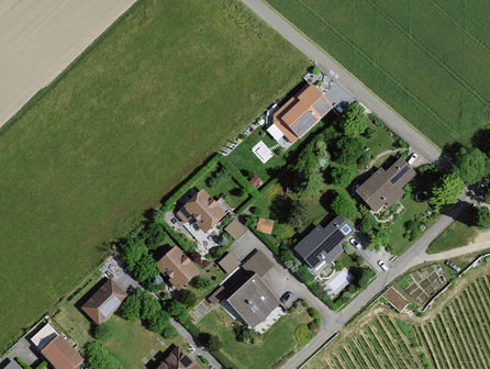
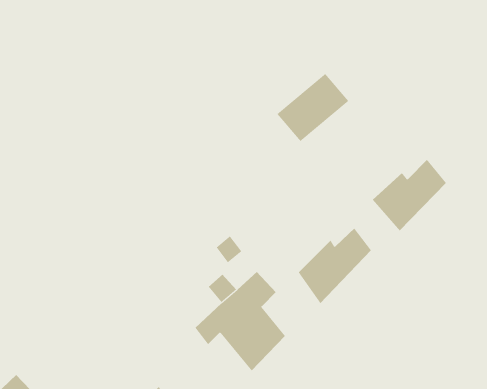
building: [180,187,225,233] -> none
building: [155,246,199,291] -> none
building: [82,278,129,324] -> none

